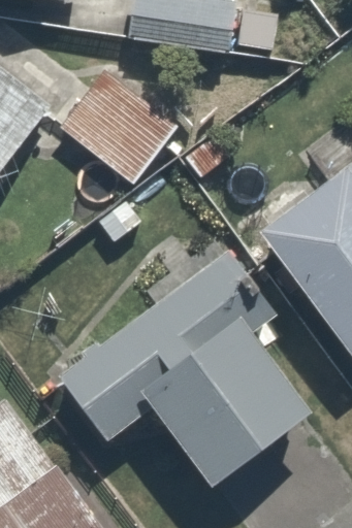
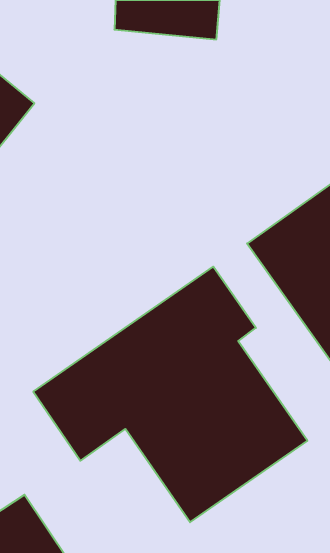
building: [56,63,180,186] -> none

